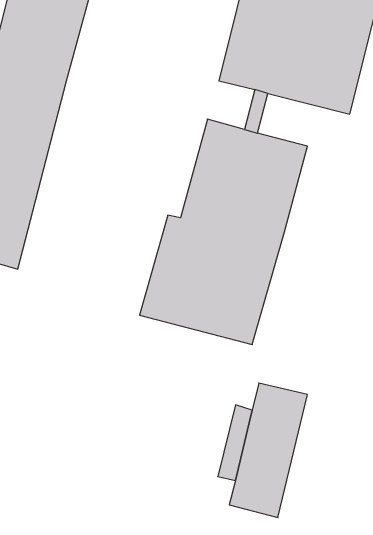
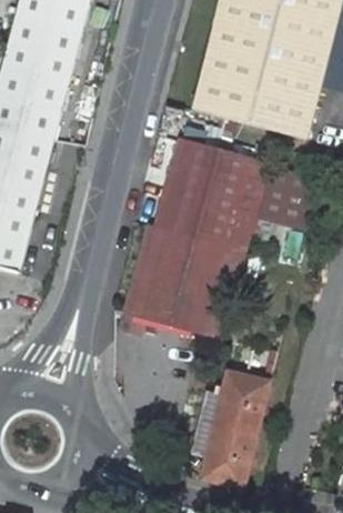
building: none -> [250,165,320,243]

